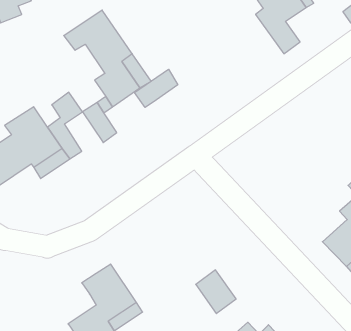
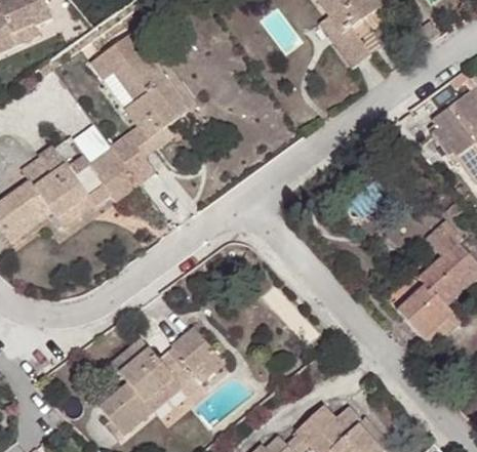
building: [135,69,178,107] -> none
building: none -> [89,152,135,203]
building: [196,270,236,314] -> [180,334,228,386]

